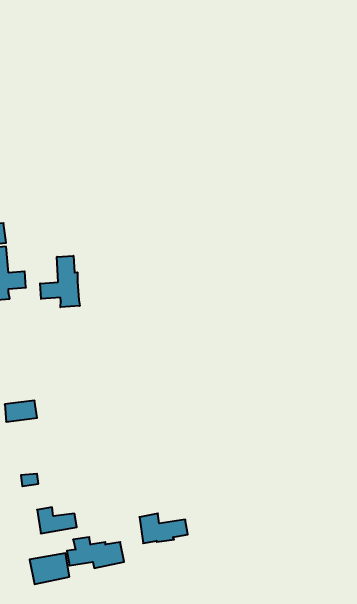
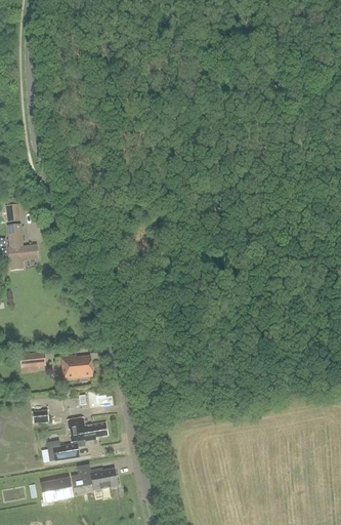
building: [40,256,80,307] -> none
building: none -> [61,355,92,377]
building: [139,513,188,543] -> [68,416,108,441]

